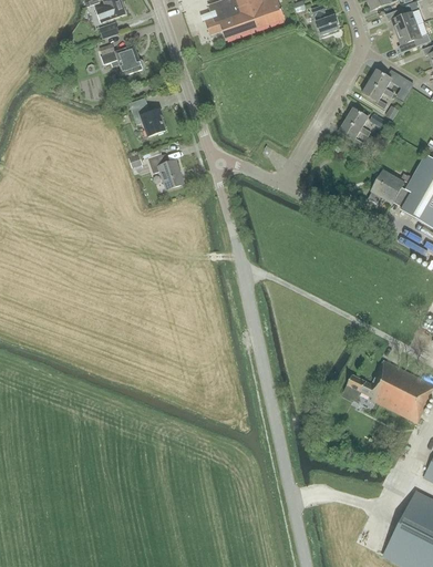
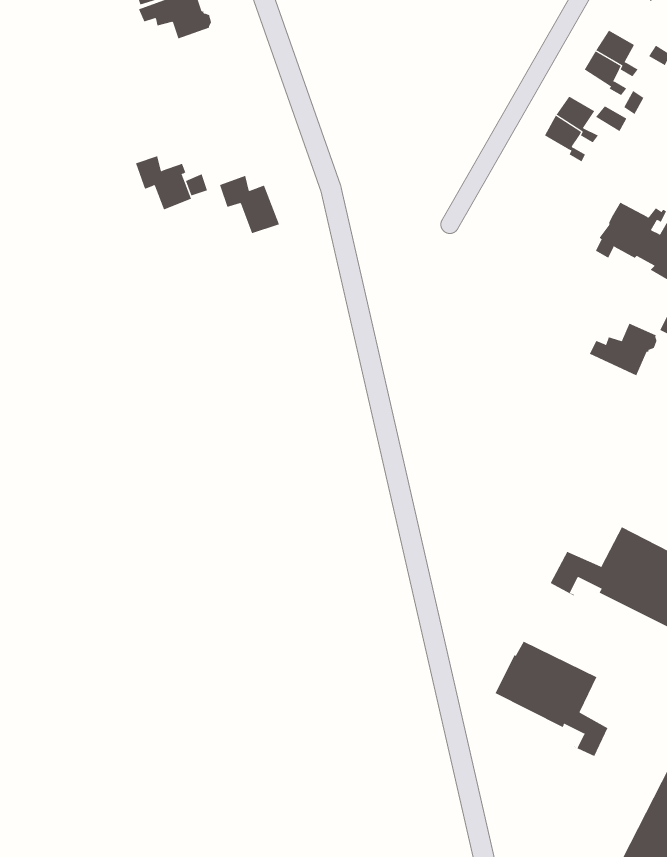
building: [131,104,164,136] -> [135,155,192,210]
building: none -> [589,323,657,376]
building: none -> [495,641,608,757]

